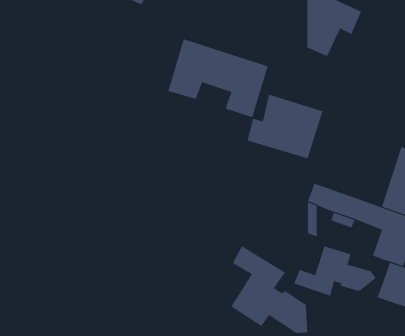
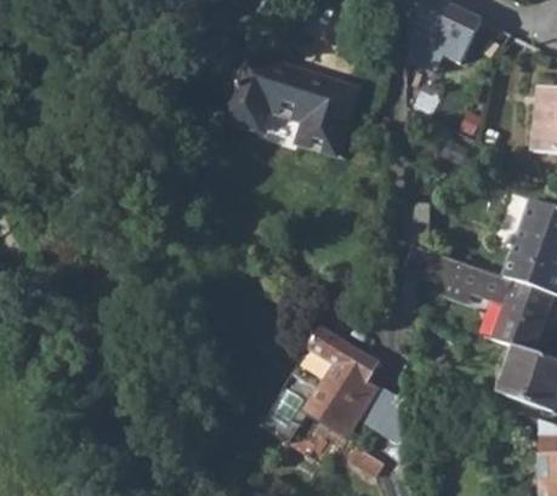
building: [247,94,323,159] -> none
building: [293,246,376,296] -> none

